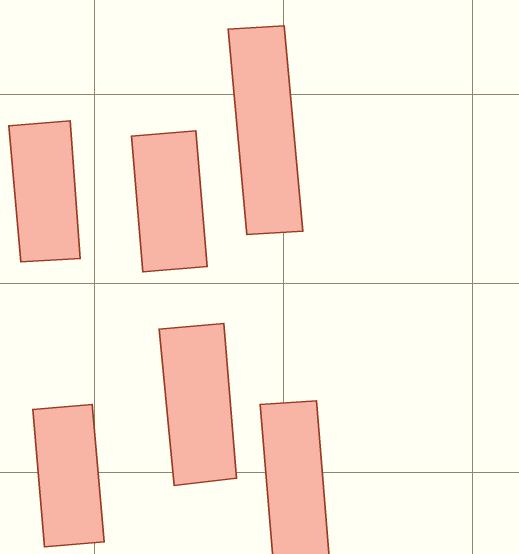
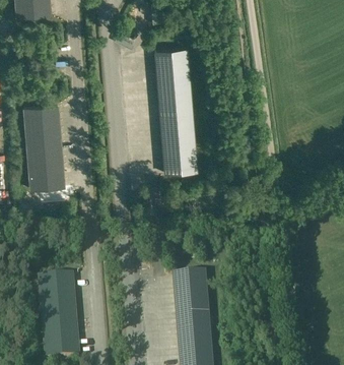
building: [131,131,207,272] -> none
building: [159,323,237,486] -> none

